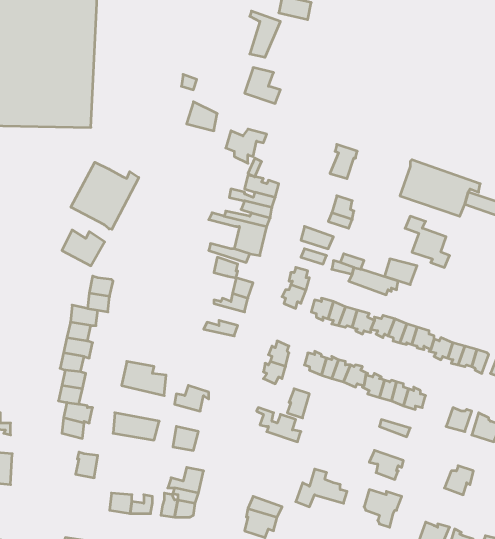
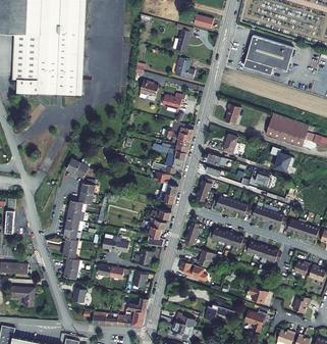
building: none -> [243,34,292,72]
building: [71,162,139,229] -> none
building: none -> [144,218,167,244]

